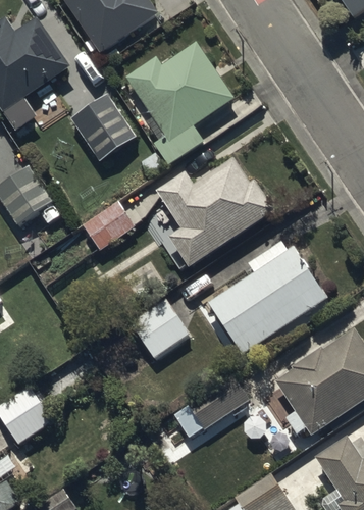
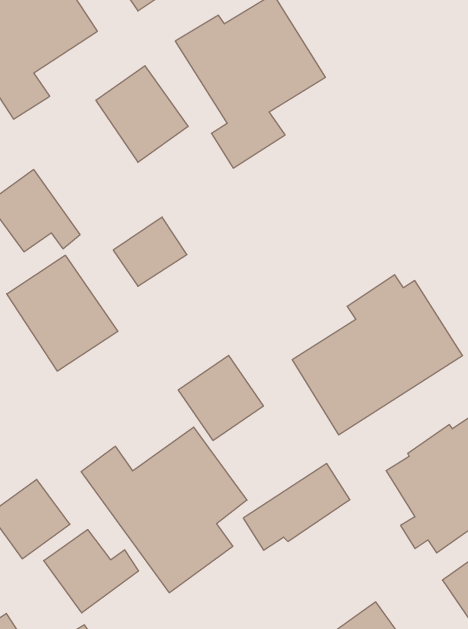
building: [157,158,276,269] -> none
building: none -> [7,255,118,371]
building: none -> [81,427,247,593]
building: none -> [44,530,138,613]

